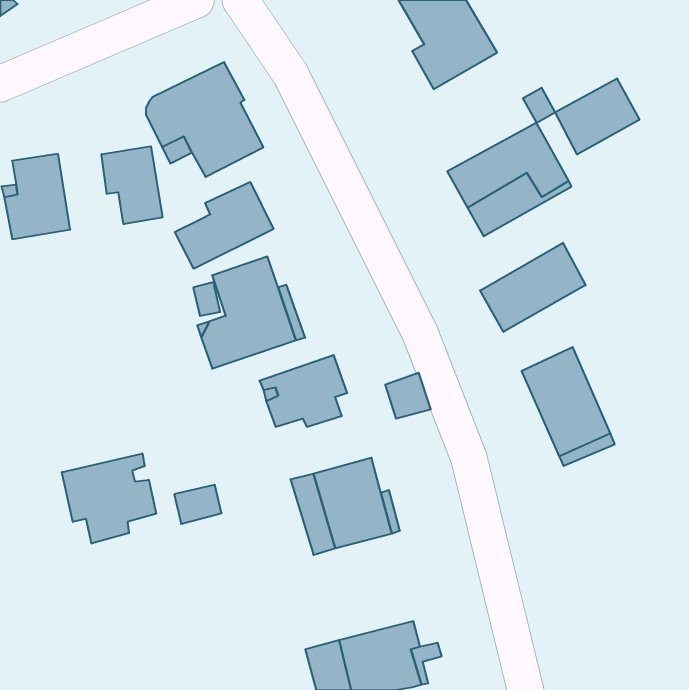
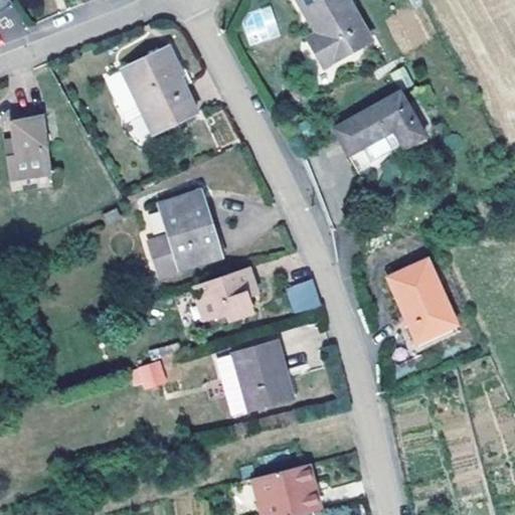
building: [555,78,639,154] -> none
building: [102,146,162,224] -> none
building: [175,182,273,269] -> none
building: [480,243,586,332] -> none
building: [62,453,156,544] -> none

